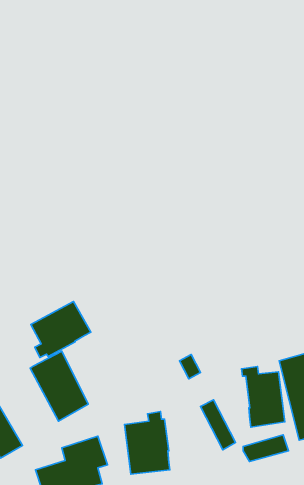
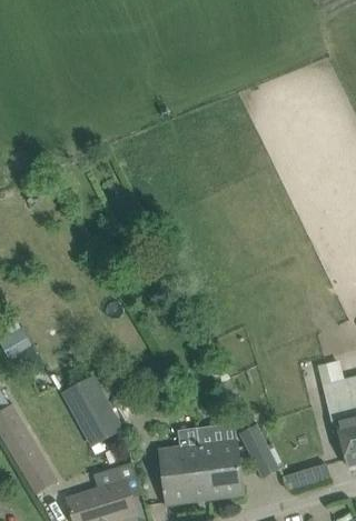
building: [31,301,91,357] -> none
building: [241,367,285,427] -> [198,435,244,499]

